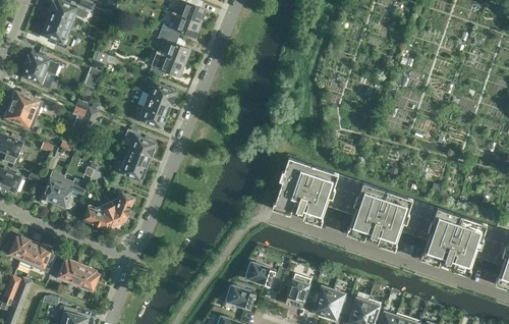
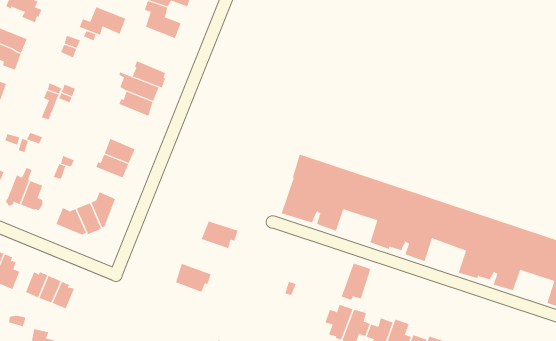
building: [145,52,184,76] -> [79,6,126,36]
building: [125,128,155,155] -> none
building: [244,261,276,284] -> [201,221,238,249]
building: [285,273,310,305] -> [341,263,371,300]
building: [225,283,256,308] -> [175,263,212,292]

